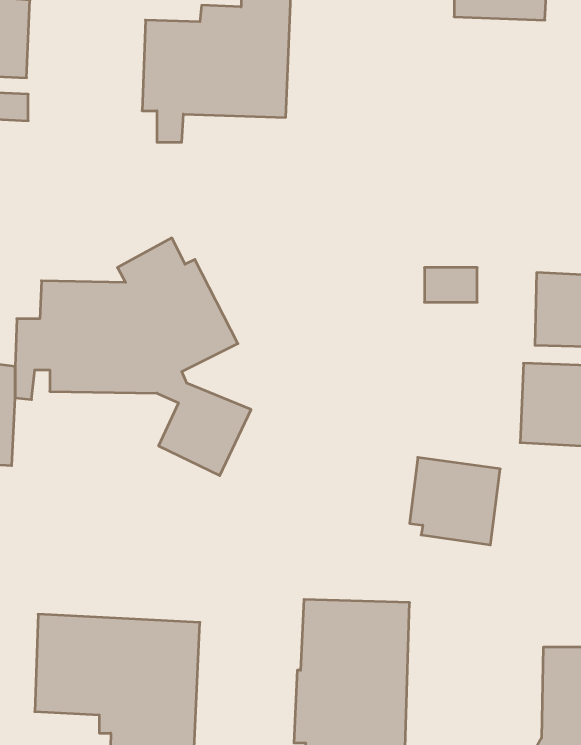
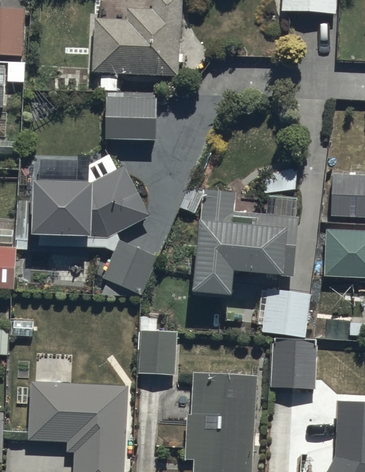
building: none -> [105,96,156,140]
building: none -> [180,184,297,293]
building: none -> [137,319,177,376]
building: none -> [269,337,315,388]

